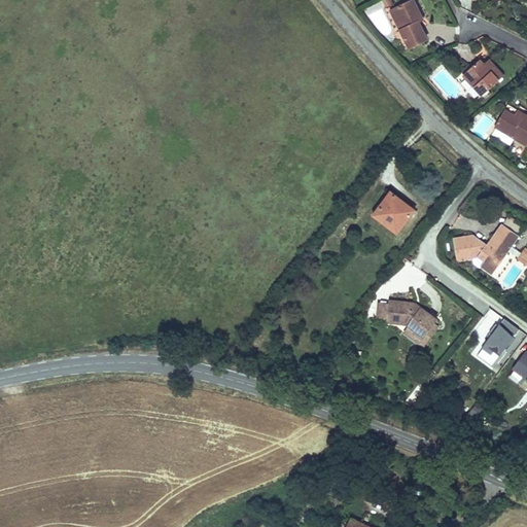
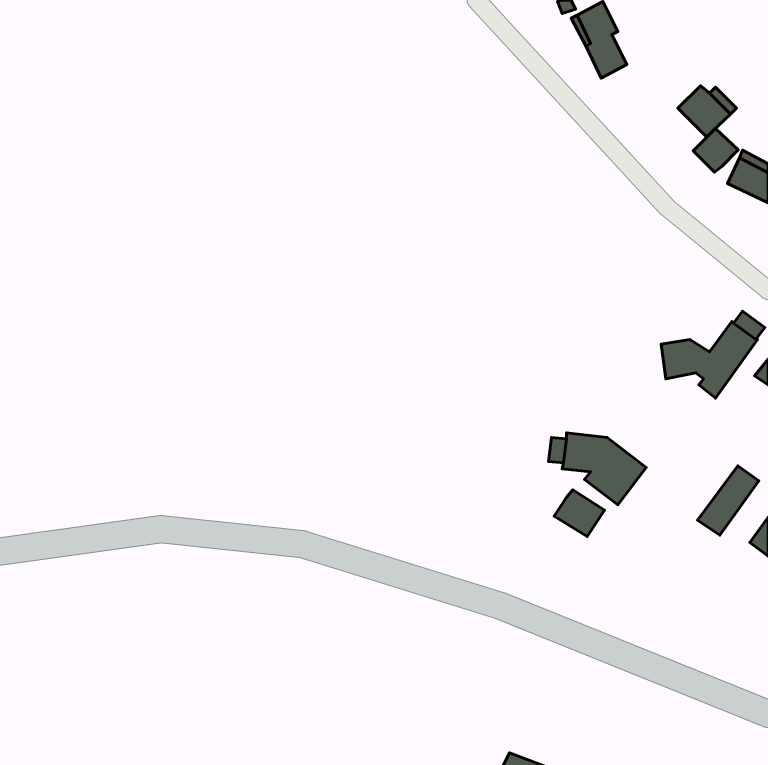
building: none -> [693,128,738,172]
building: [370,187,416,234] -> none
building: none -> [554,490,604,536]

